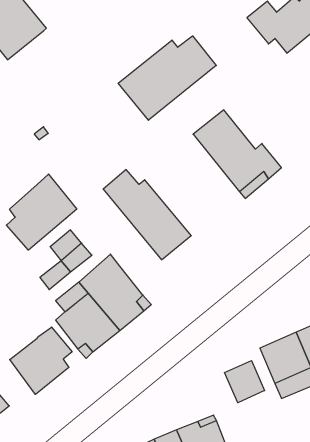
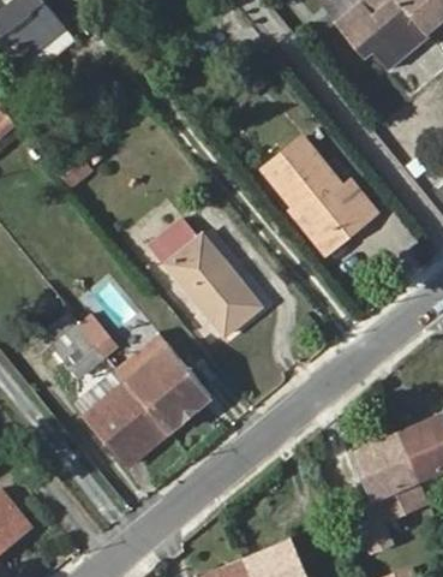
building: [118,36,216,120] -> none
building: [6,174,77,250] -> none
building: [10,327,72,394] -> none
building: [225,361,265,403] -> none

